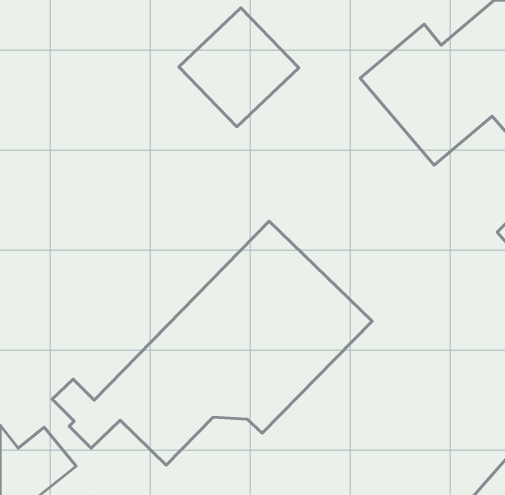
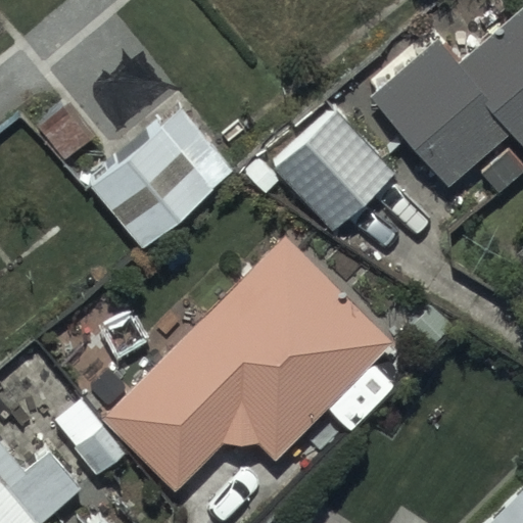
building: [179,8,299,127] -> [274,112,396,234]
building: none -> [81,111,231,262]

